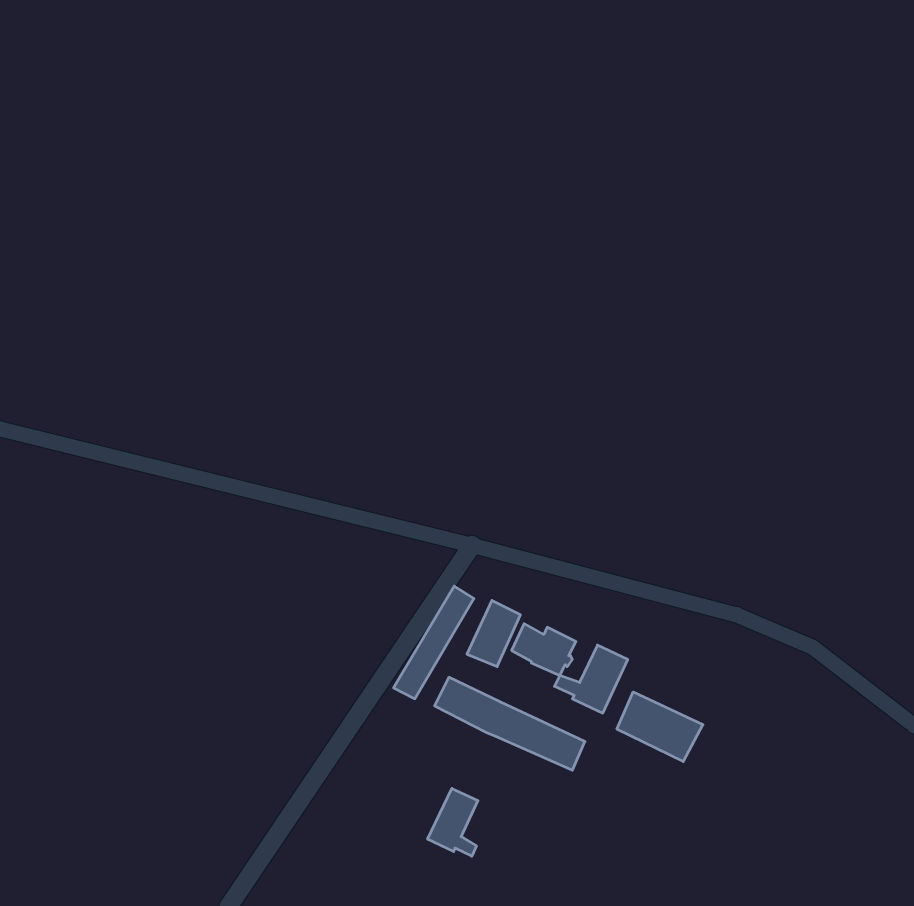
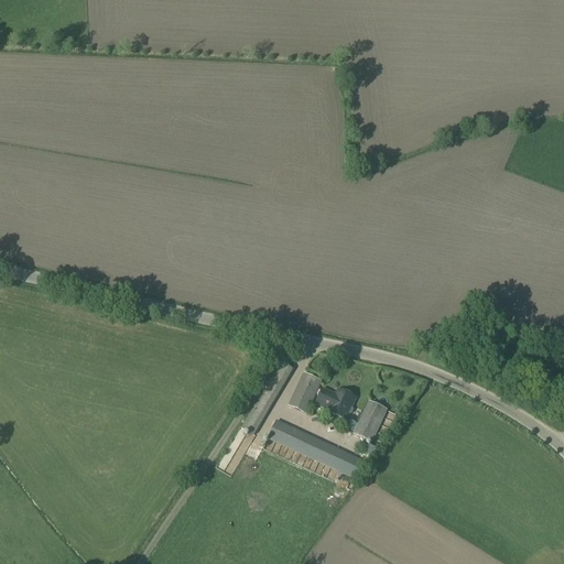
building: [617,692,703,762] -> none
building: [428,788,478,856] -> none

